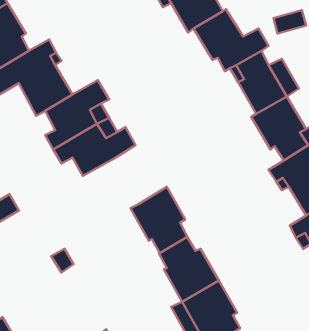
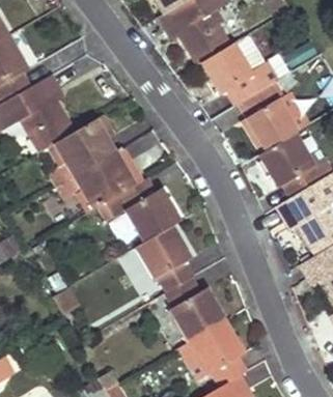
building: none -> [119,178,182,242]

